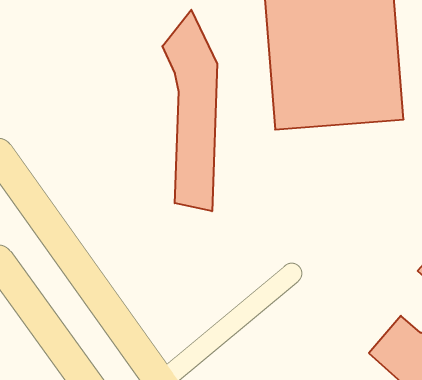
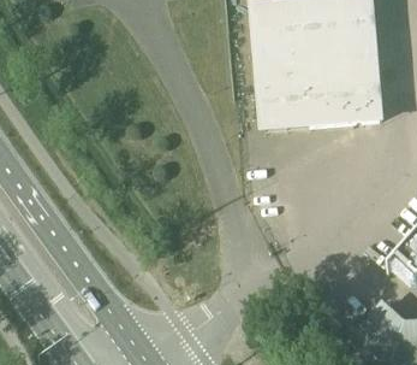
building: [162,10,217,211] -> none

